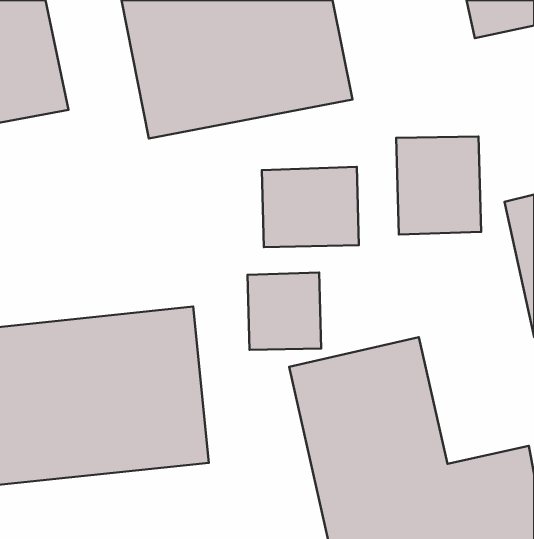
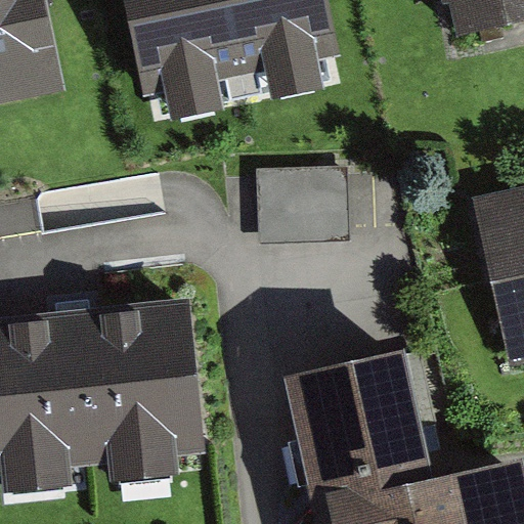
building: [396,136,481,234] -> none
building: [247,273,321,350] -> none

